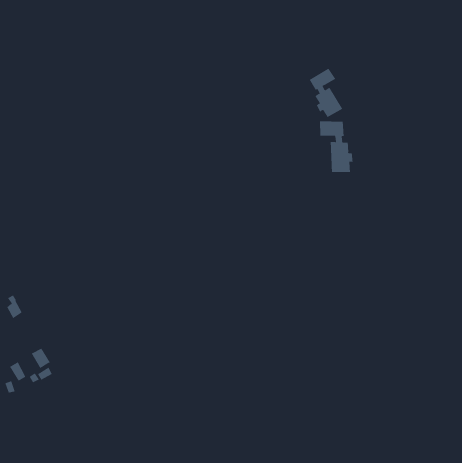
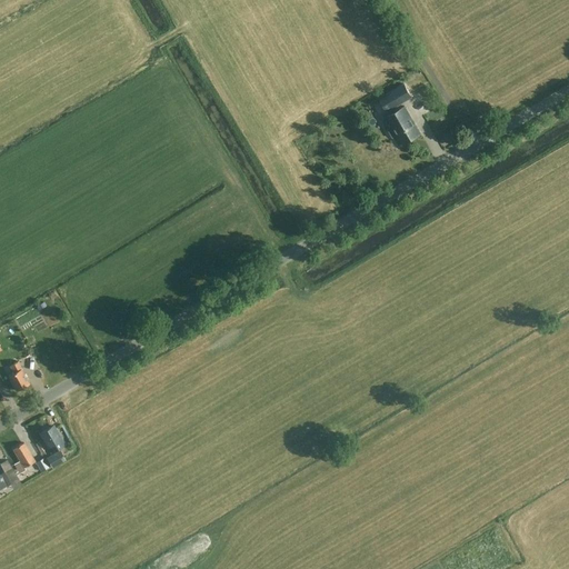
building: [320,120,353,173] -> none

